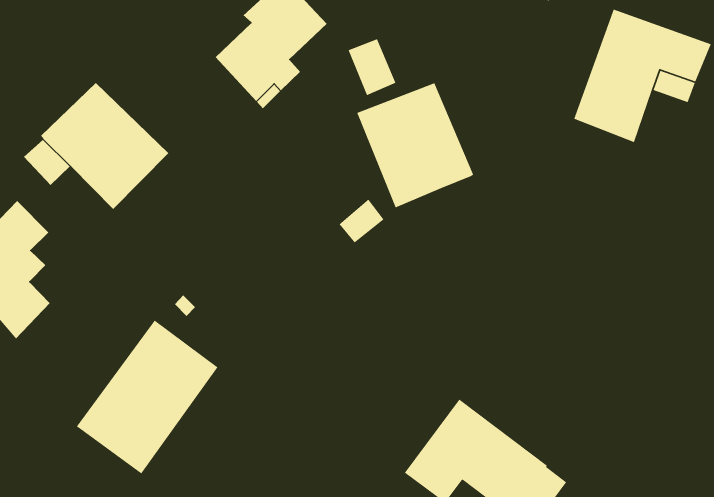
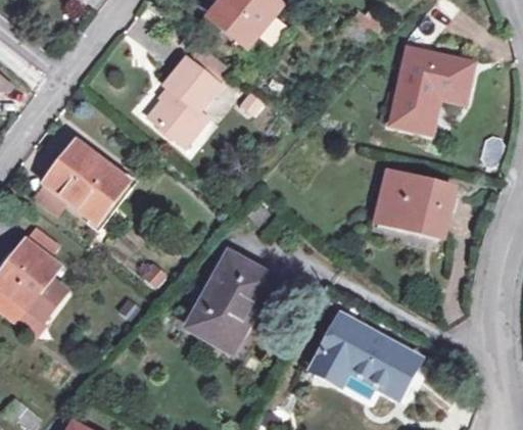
building: [356,82,474,209] -> none
building: none -> [376,172,455,230]
building: [76,319,219,474] -> [184,252,272,354]

